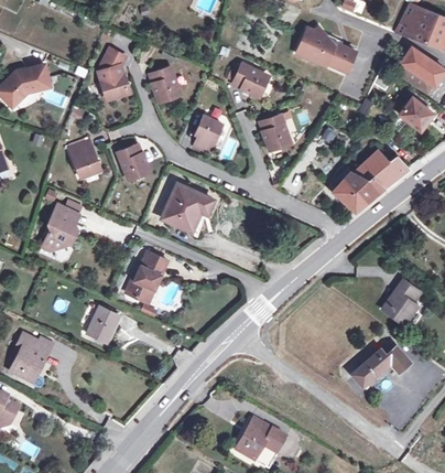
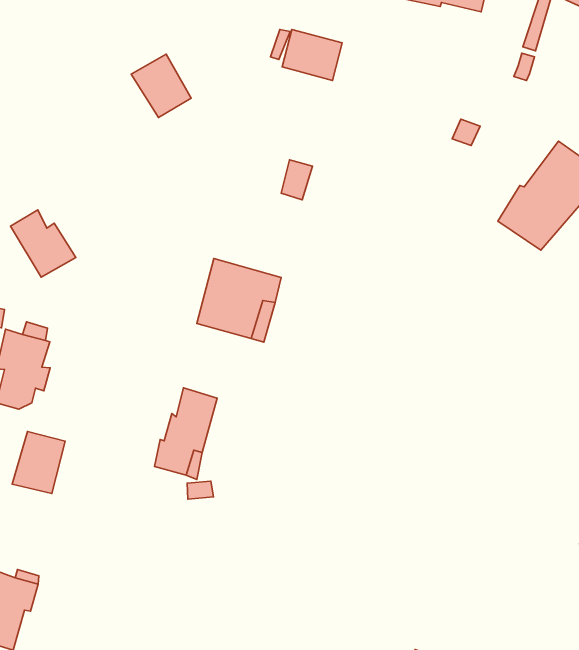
building: [99,50,129,99] -> none
building: [194,108,230,153] -> none
building: [259,115,290,149] -> none
building: [117,143,148,179] -> none
building: [86,305,119,342] -> [12,431,65,493]

